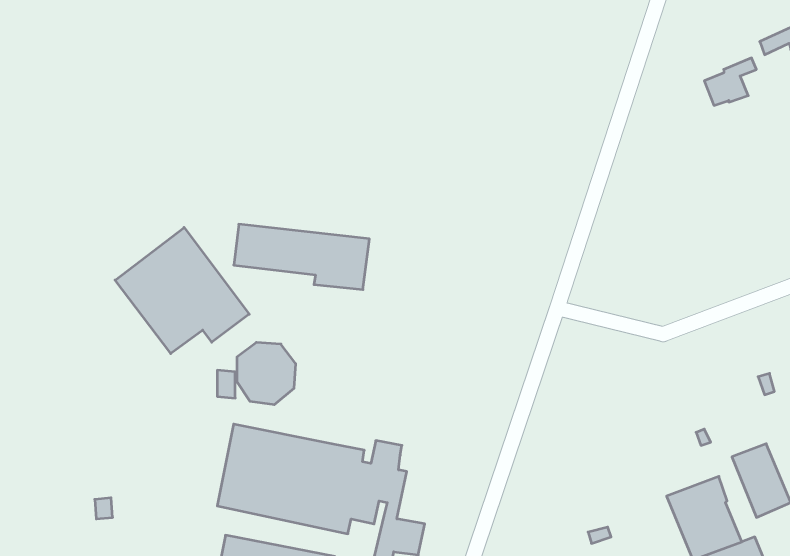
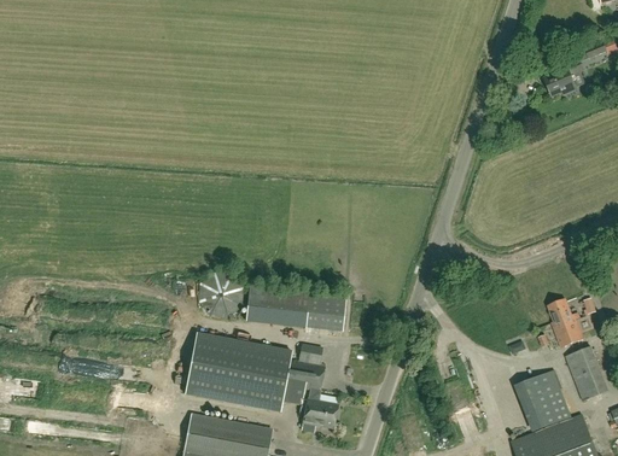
building: [234,224,369,290] -> [245,283,345,332]
building: [115,227,249,354] -> none
building: none -> [547,299,583,347]

